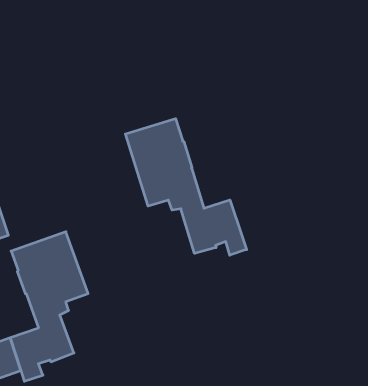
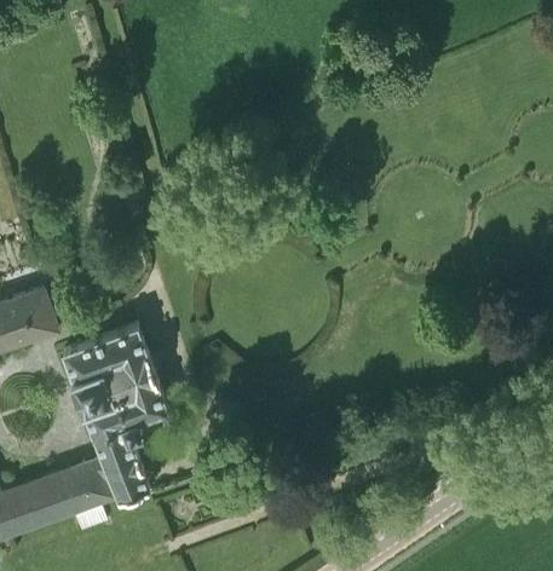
building: [125,119,247,255] -> none

